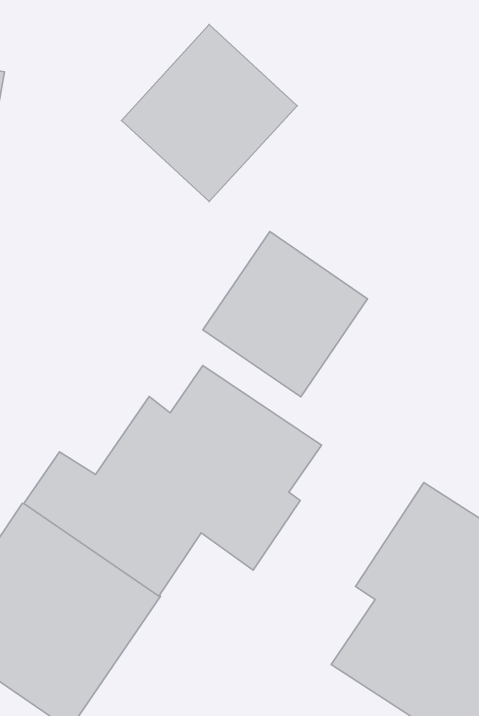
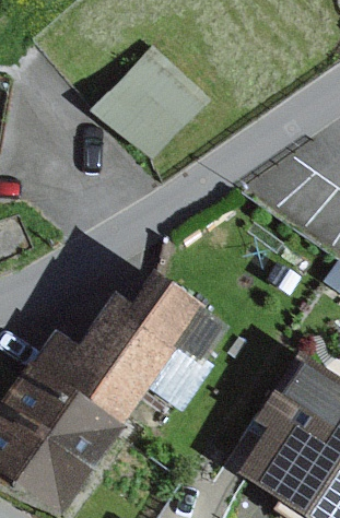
building: [203,232,368,397] -> none

